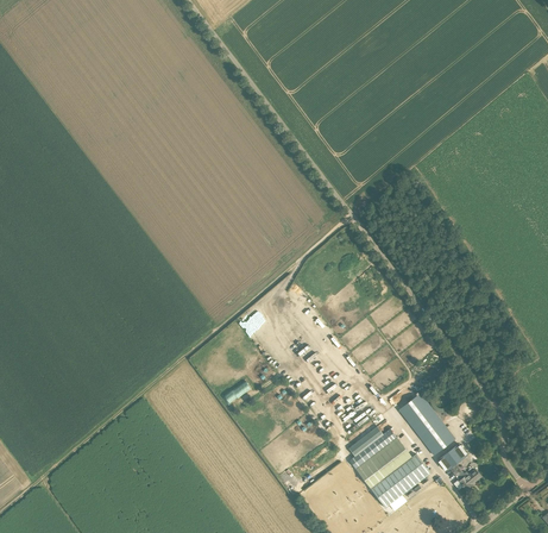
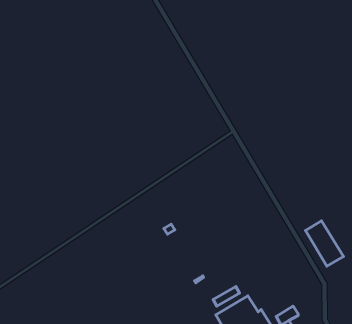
building: [399,395,455,456] -> [305,221,344,266]

